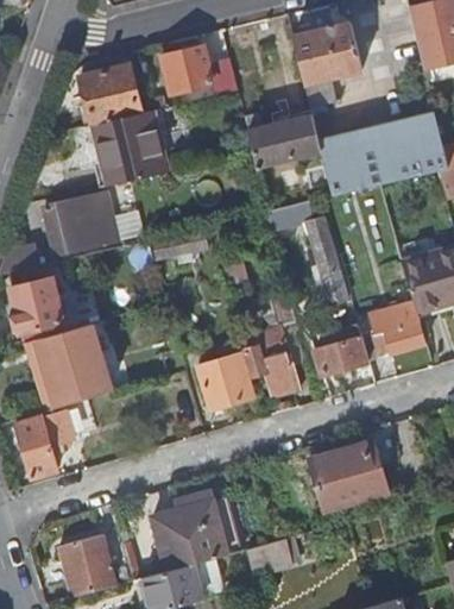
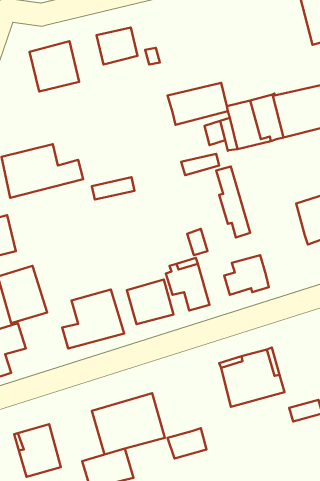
building: [292,21,362,106] -> none
building: [90,109,166,184] -> none
building: [359,301,427,356] -> none
building: none -> [62,289,124,349]

